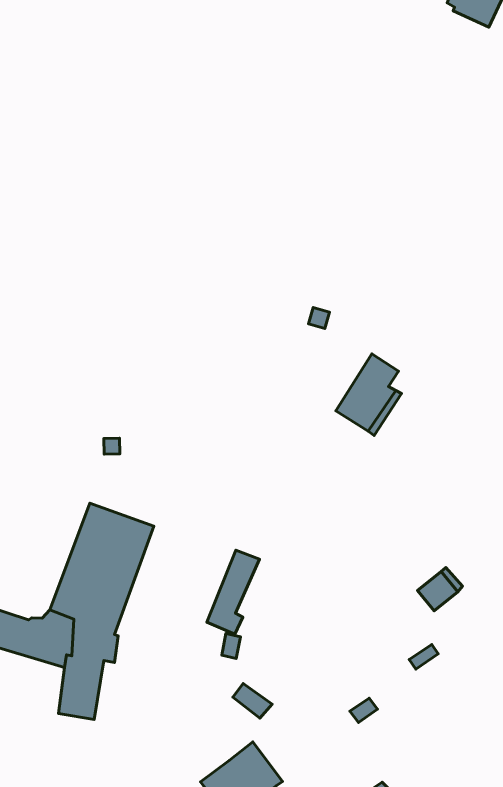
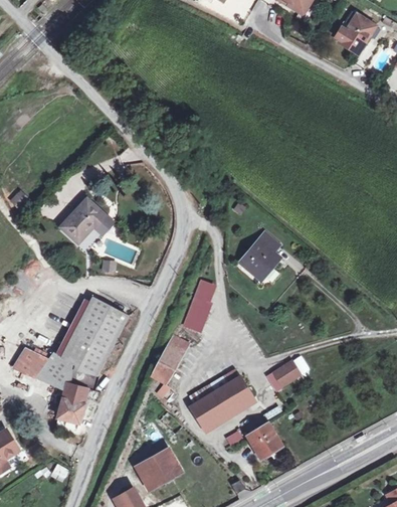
building: none -> [60,199,106,242]
building: none -> [183,278,217,332]
building: none -> [191,377,252,428]
building: none -> [245,424,280,459]

